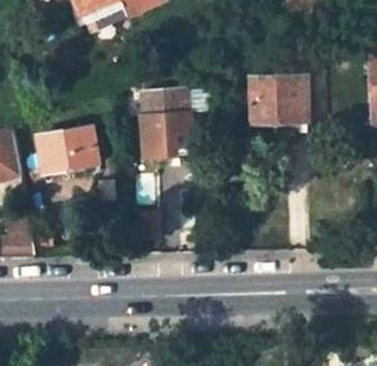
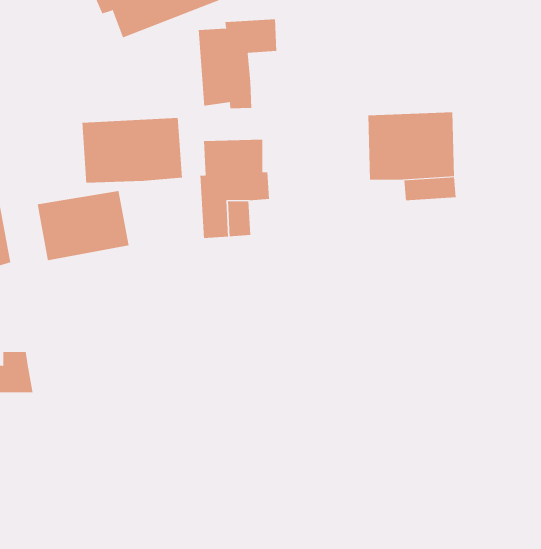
building: none -> [198,19,277,109]
building: none -> [82,117,182,183]

